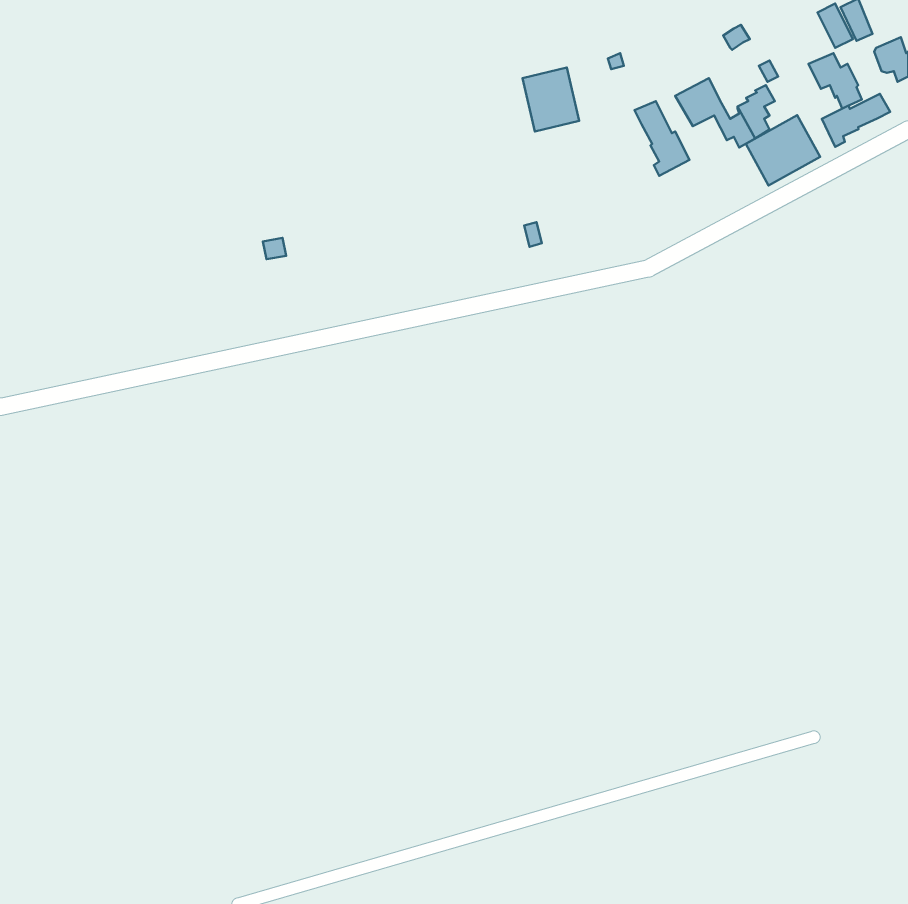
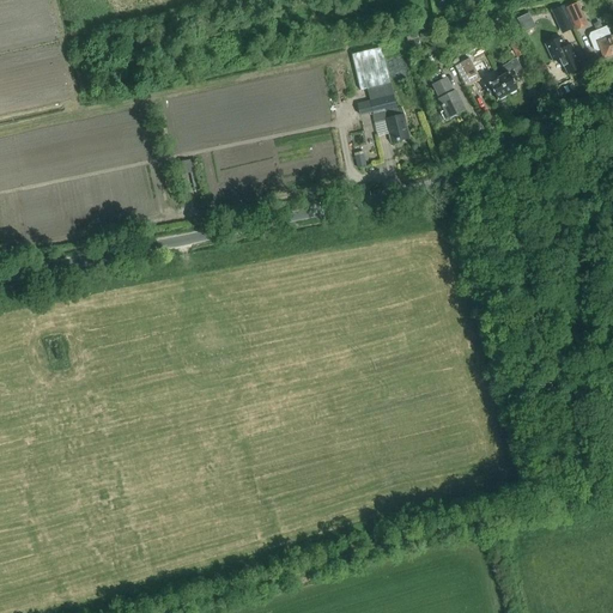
building: [822,94,890,147] -> none
building: [746,115,820,185] -> none
building: none -> [368,81,409,141]

